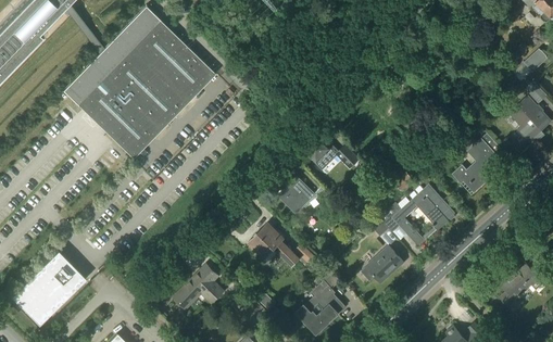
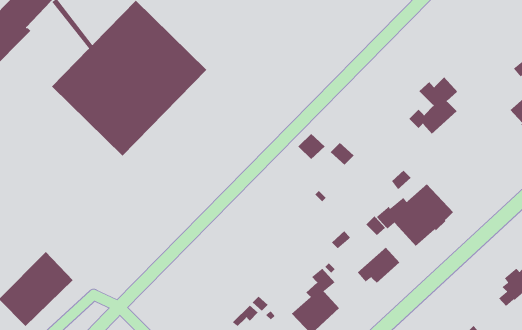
building: [451,134,500,190] -> [408,77,459,135]
building: [277,178,313,214] -> none
building: [249,227,316,269] -> none
building: [175,267,221,307] -> none

